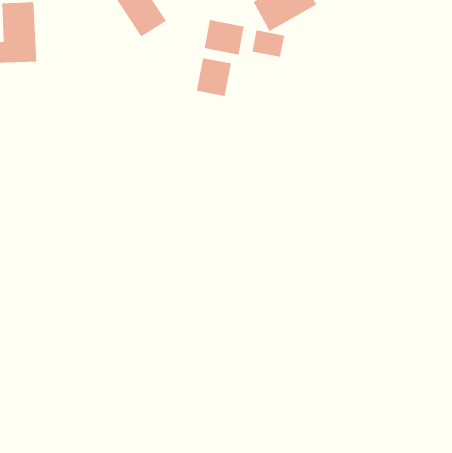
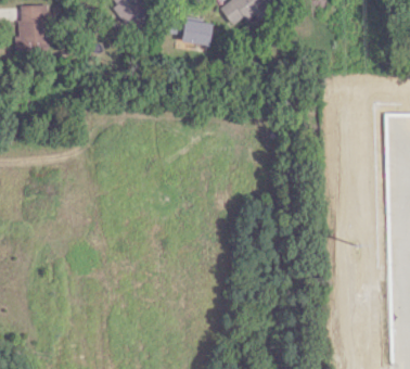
building: [252,30,285,58] -> none
building: [196,57,231,97] -> none

